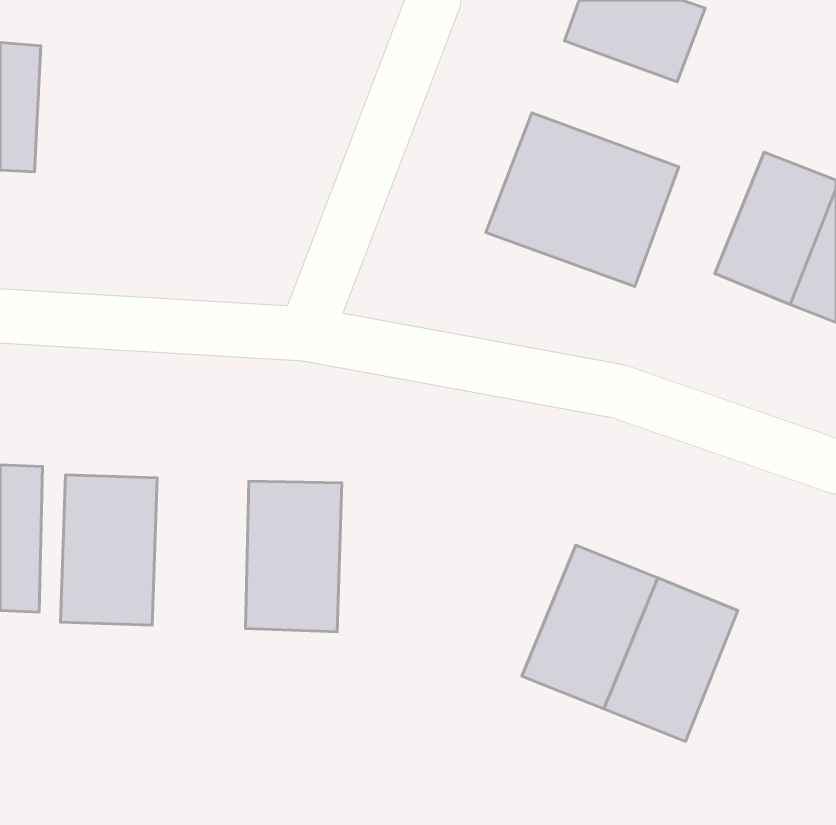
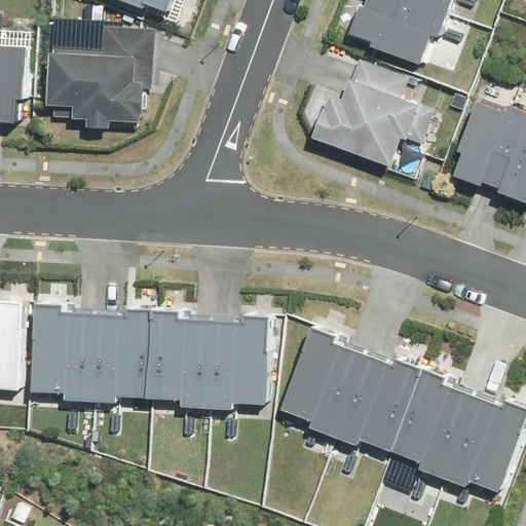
building: none -> [51,40,147,114]
building: none -> [96,307,156,402]
building: none -> [212,310,272,405]
building: none -> [277,329,362,431]
building: none -> [430,390,515,493]

